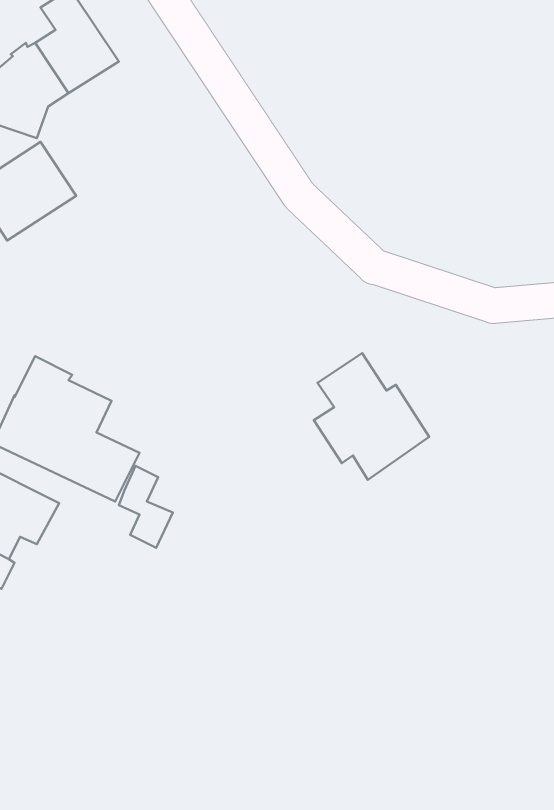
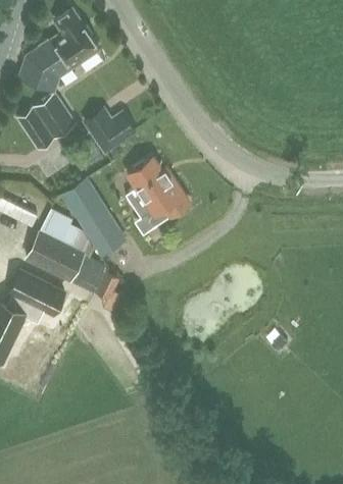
building: none -> [85,109,136,153]
building: none -> [61,179,126,252]
building: [314,353,429,480] -> [126,159,189,228]

